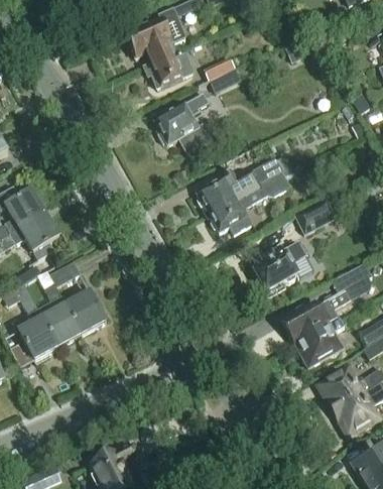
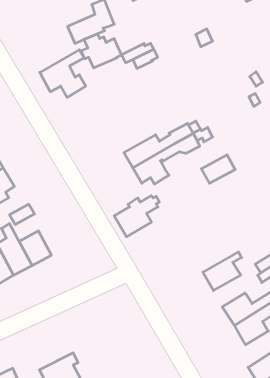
building: [153,92,211,151] -> [40,50,86,97]
building: [251,240,307,291] -> [114,196,159,237]
building: [282,261,372,343] -> none

